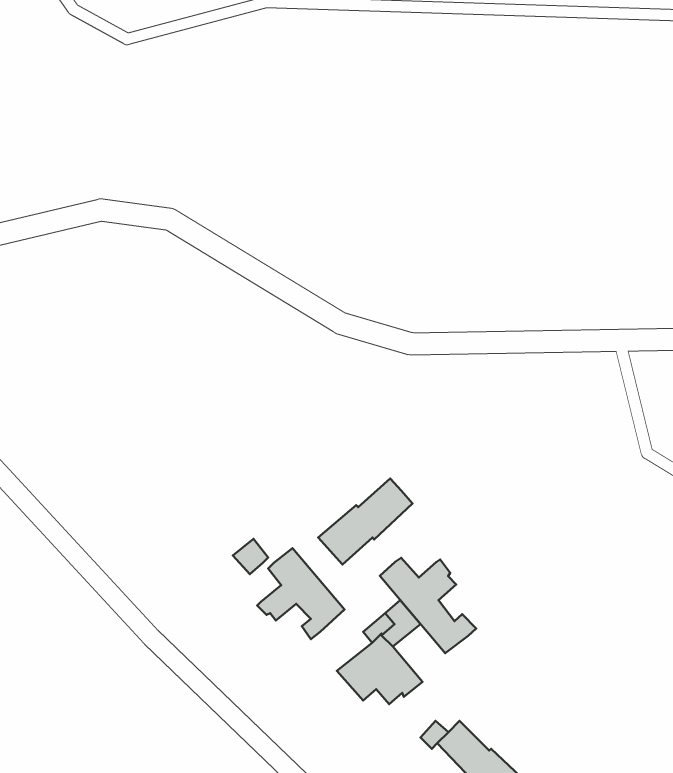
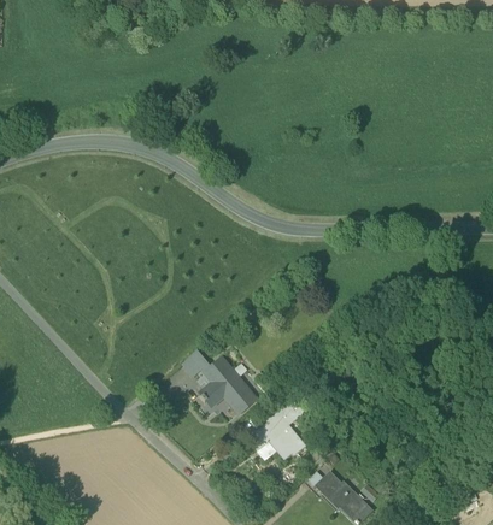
building: [318,478,413,565] -> none
building: [380,558,476,653] -> none

